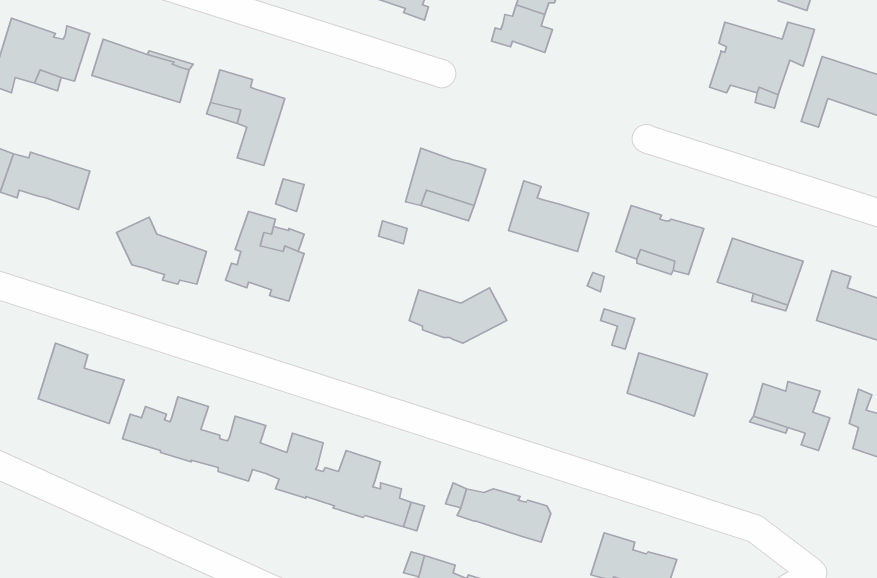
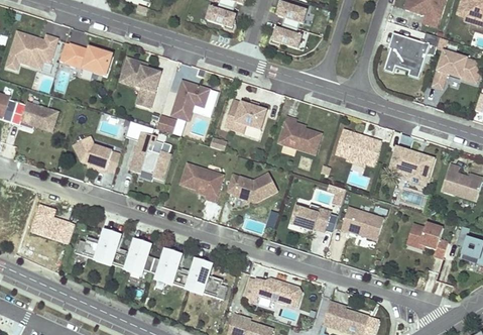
building: none -> [170,80,215,121]
building: none -> [180,163,223,201]
building: none -> [290,207,330,231]

